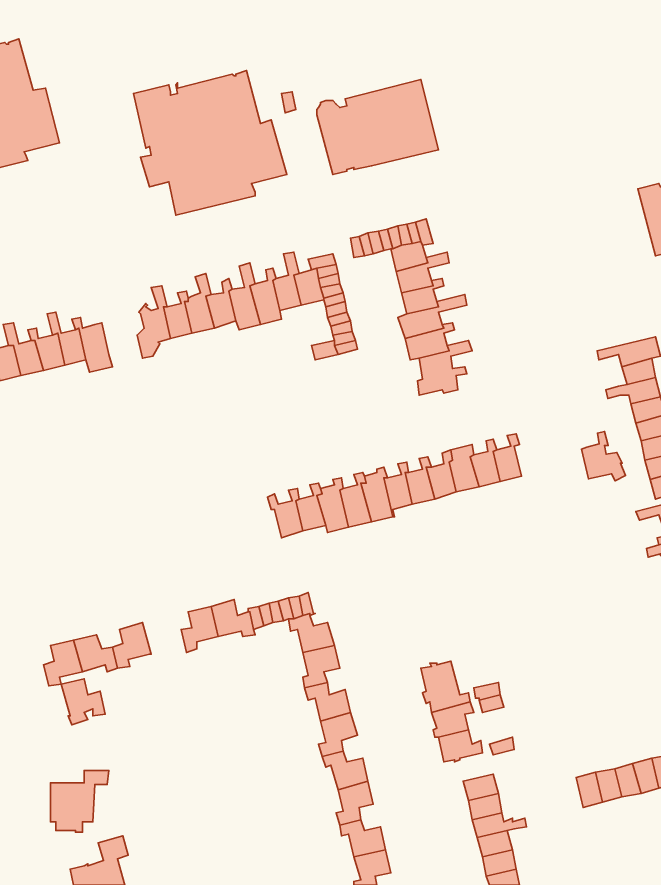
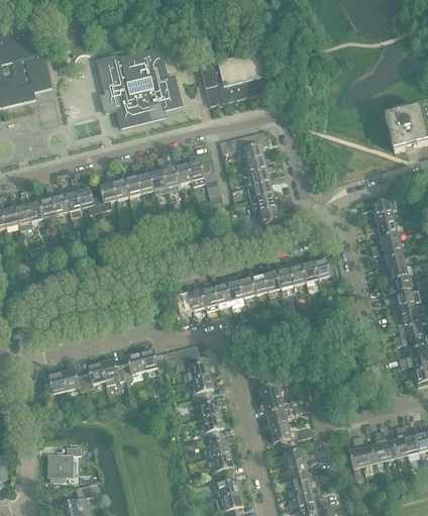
building: none -> [70,177,100,212]
building: [582,431,626,481] -> [313,250,338,279]
building: [61,679,105,725] -> [100,358,125,385]

